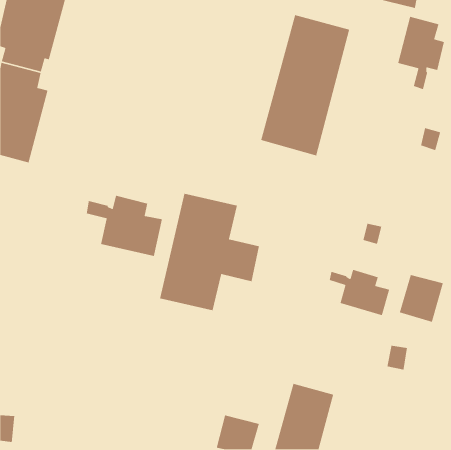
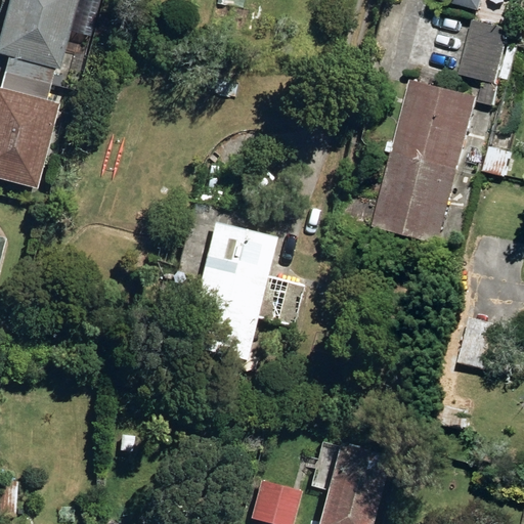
building: [260,14,350,156] -> [373,79,477,244]
building: [86,195,163,257] -> none
building: [329,269,390,316] -> none

